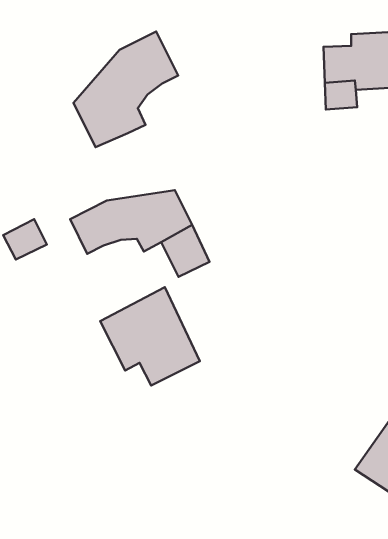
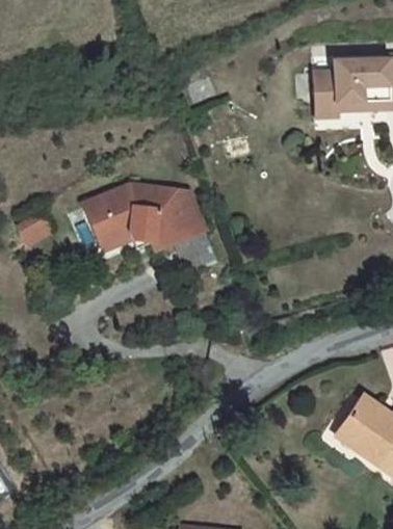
building: [73,31,178,147] -> none
building: [100,287,200,385] -> none

